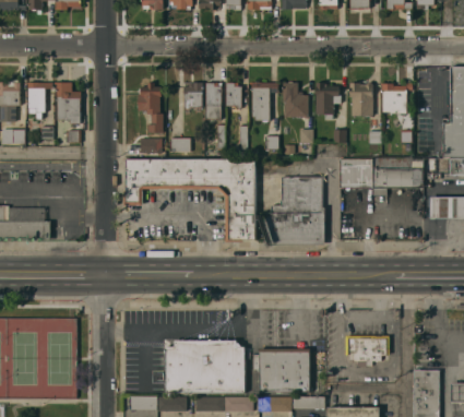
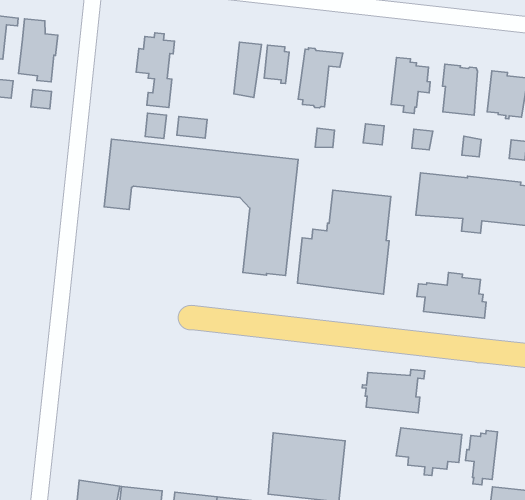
building: [283,81,308,118] -> none
building: [183,82,202,108] -> none
building: none -> [417,272,486,318]
building: none -> [362,369,425,413]
building: none -> [465,431,497,485]
building: [166,339,245,392] -> none

